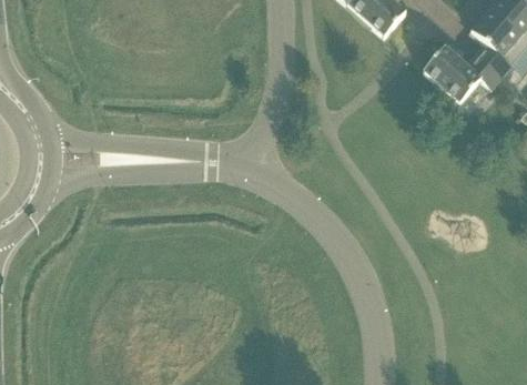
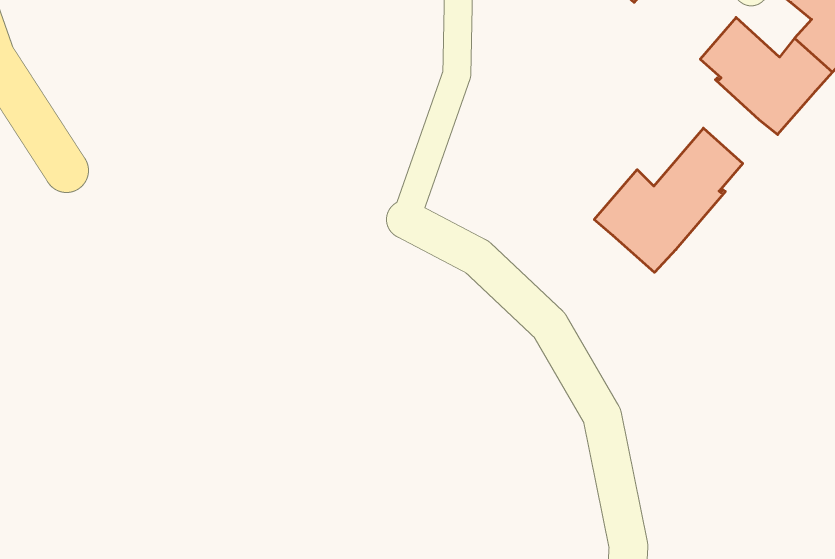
building: none -> [594,128,743,272]

